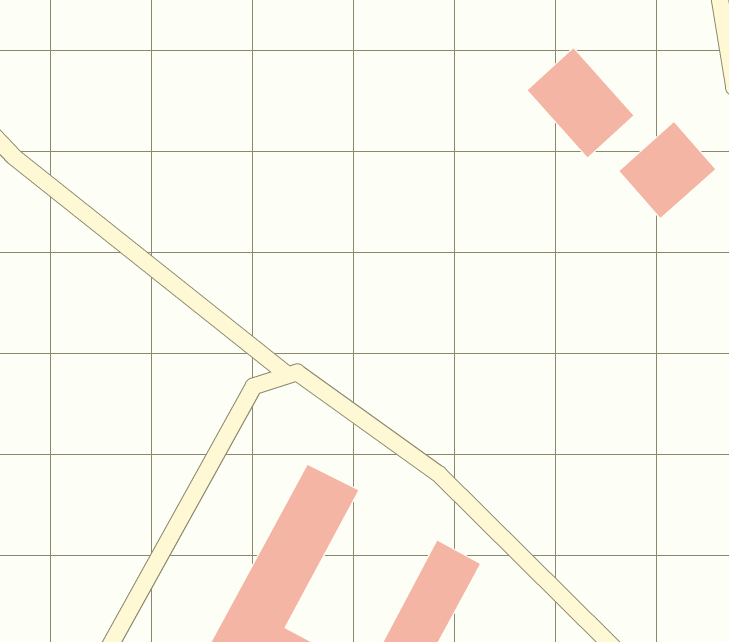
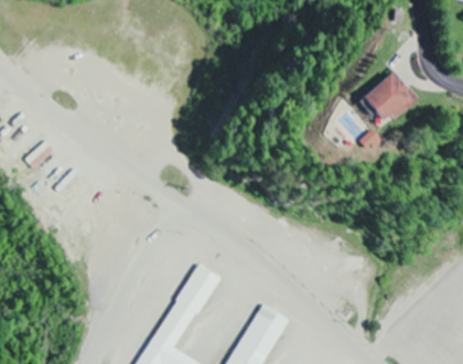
building: [527,47,634,158] -> none

